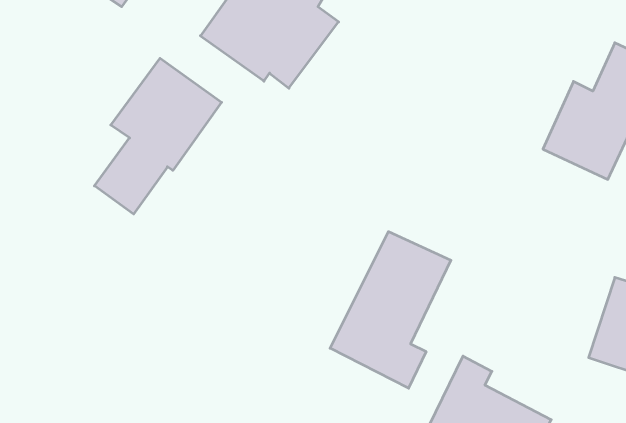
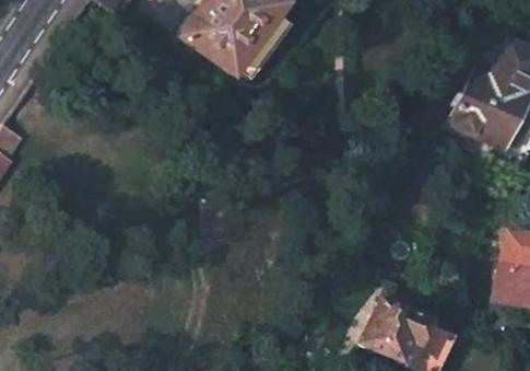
building: [94,58,222,214] -> none
building: [330,232,451,388] -> none

